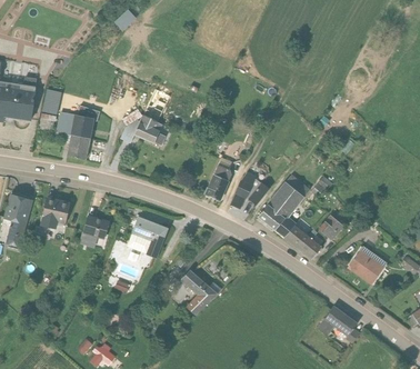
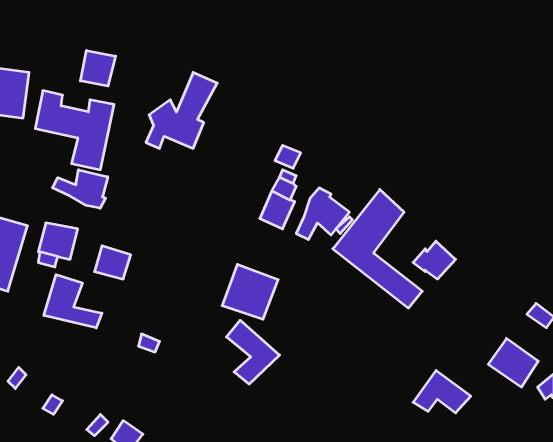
building: none -> [80,50,116,86]
building: none -> [52,170,108,208]
building: [127,216,168,256] -> [222,264,278,319]
building: none -> [44,275,102,328]
building: [347,249,383,285] -> [488,338,538,387]

